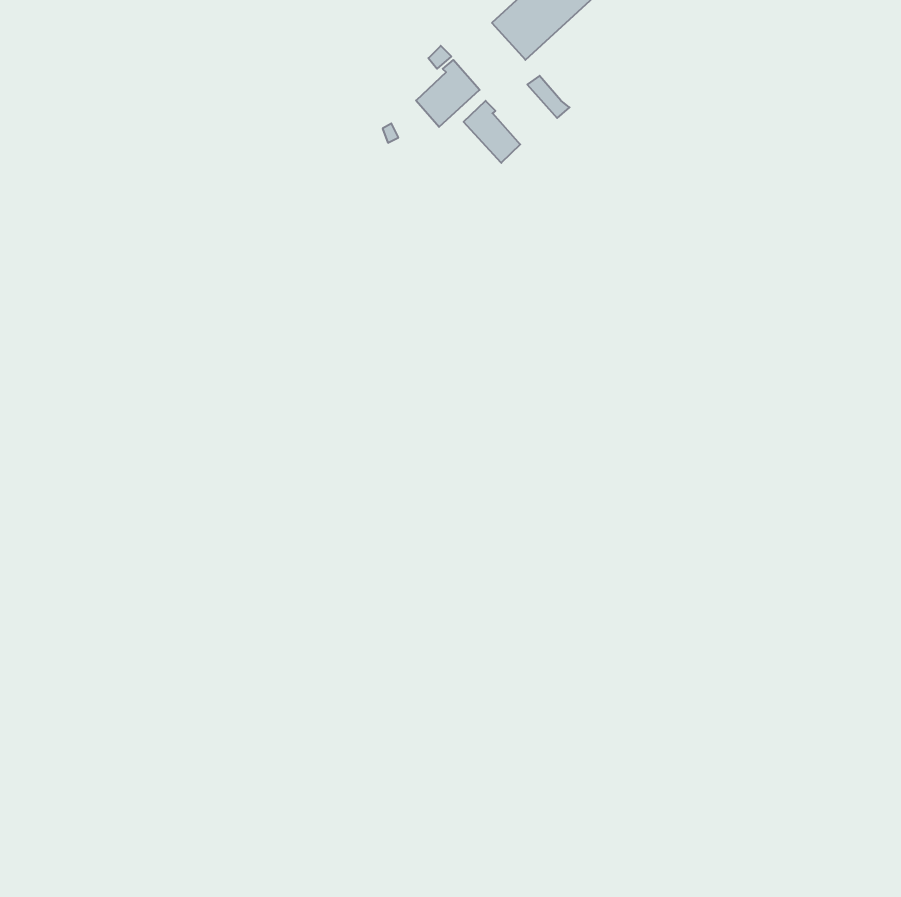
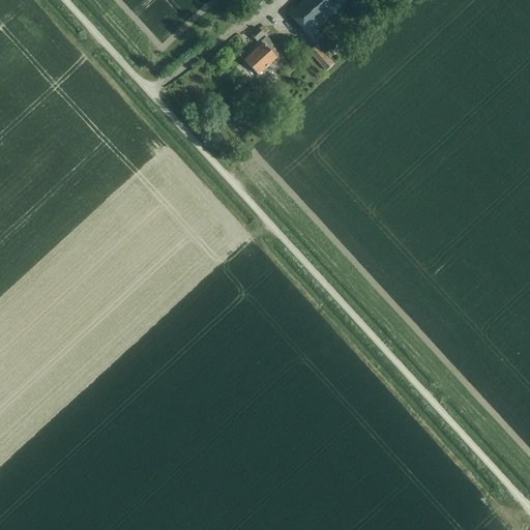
building: [464,101,520,163] -> none

